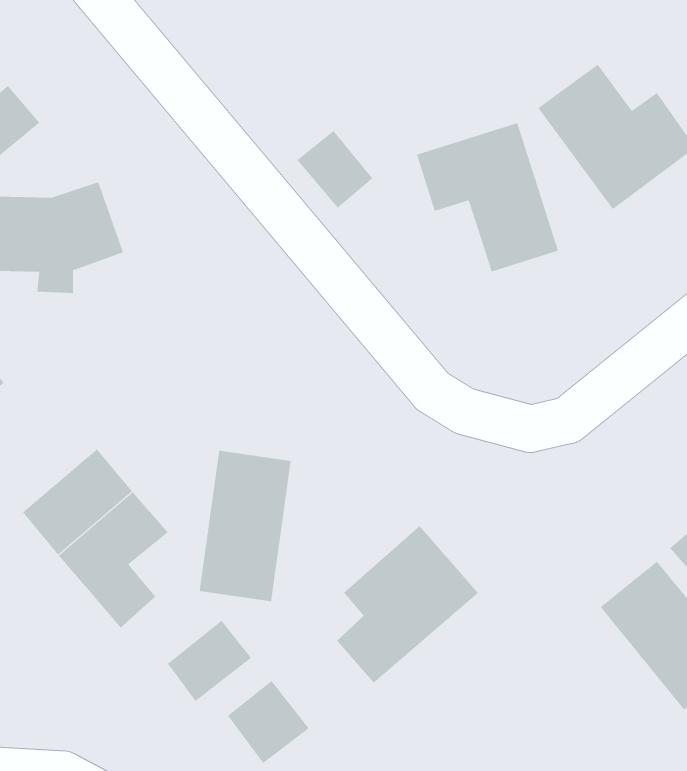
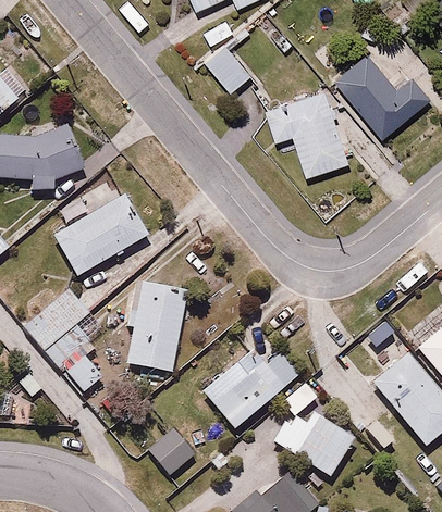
building: [296,130,373,208] -> [204,42,250,90]
building: none -> [50,190,149,277]
building: none -> [271,379,358,478]
building: [167,620,252,702] -> none

